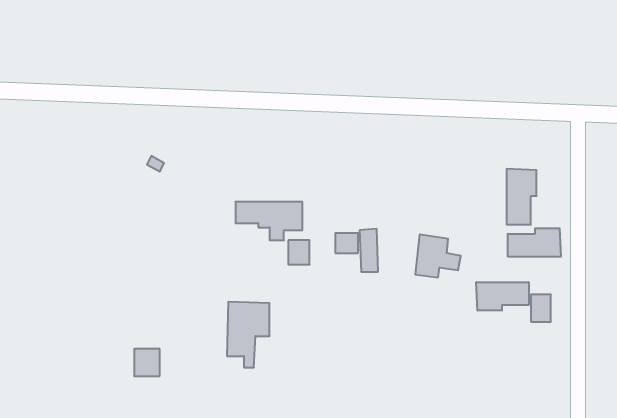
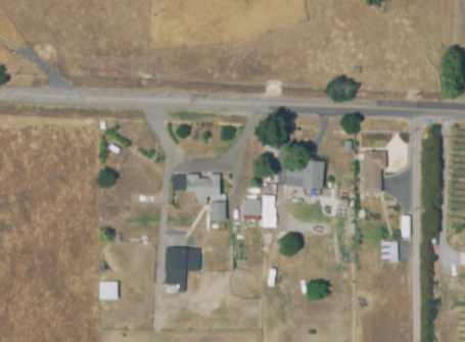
building: [508,228,561,257] -> none
building: [415,234,461,277] -> [285,158,318,189]
building: [476,282,529,311] -> none

